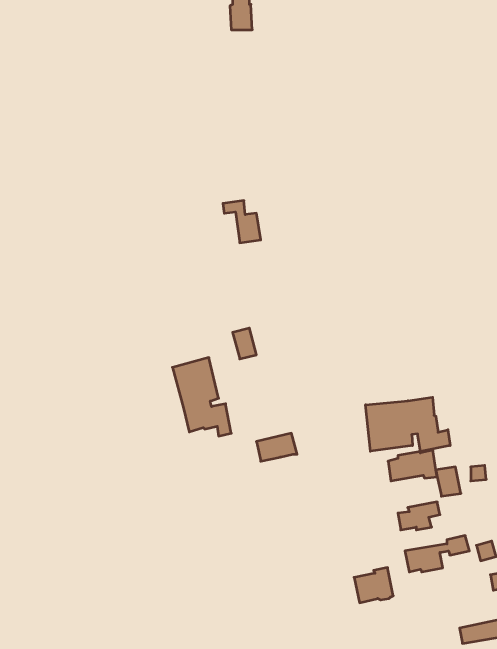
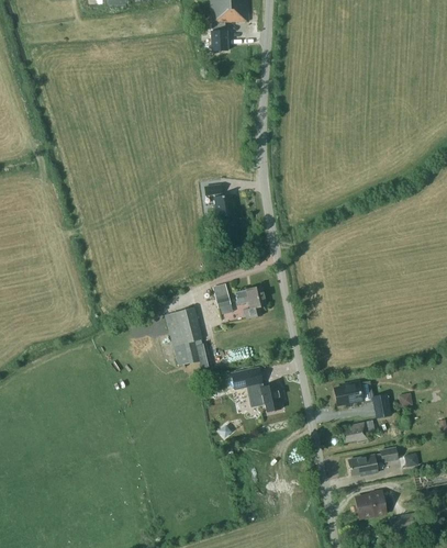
building: none -> [235,286,266,318]
building: [366,397,450,451] -> none
building: none -> [248,383,280,412]
building: [354,568,393,603] -> [355,490,385,517]

